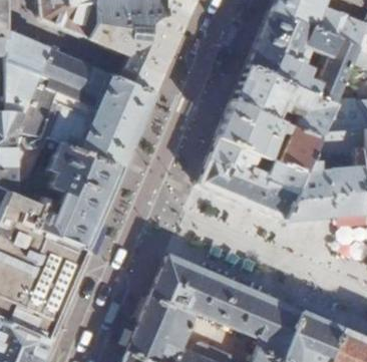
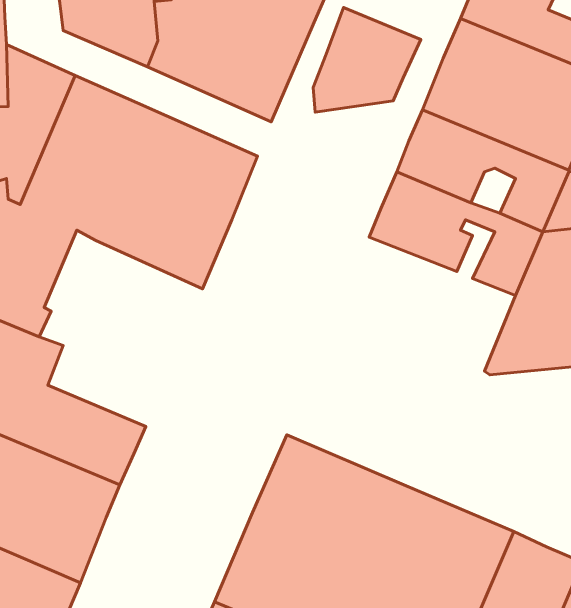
building: none -> [313,8,421,112]
building: [200,140,304,219] -> none
building: [31,142,121,251] -> none

